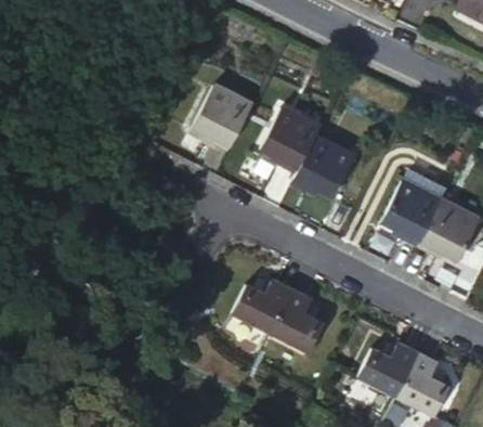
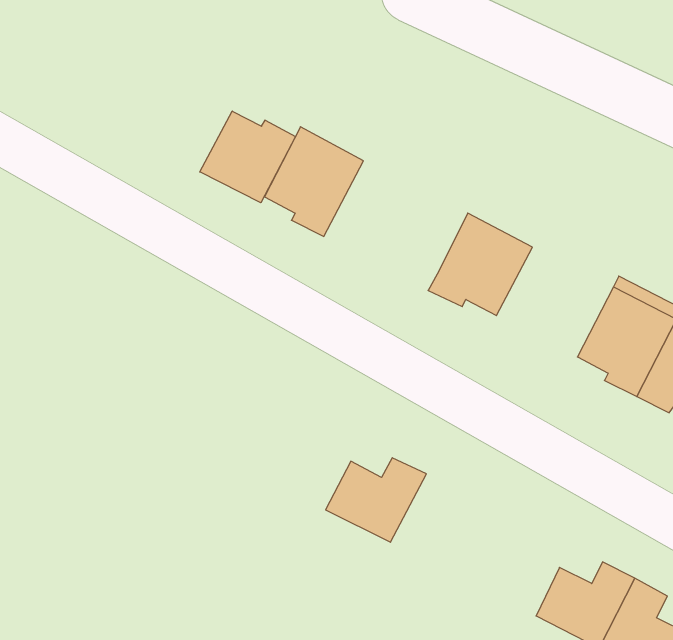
building: none -> [200,111,295,203]
building: [261,104,322,170] -> none
building: [270,290,323,352] -> none

